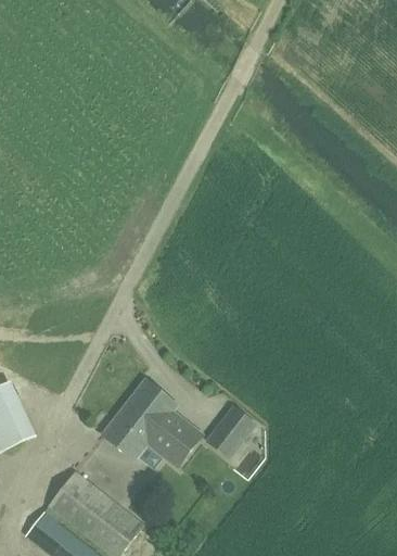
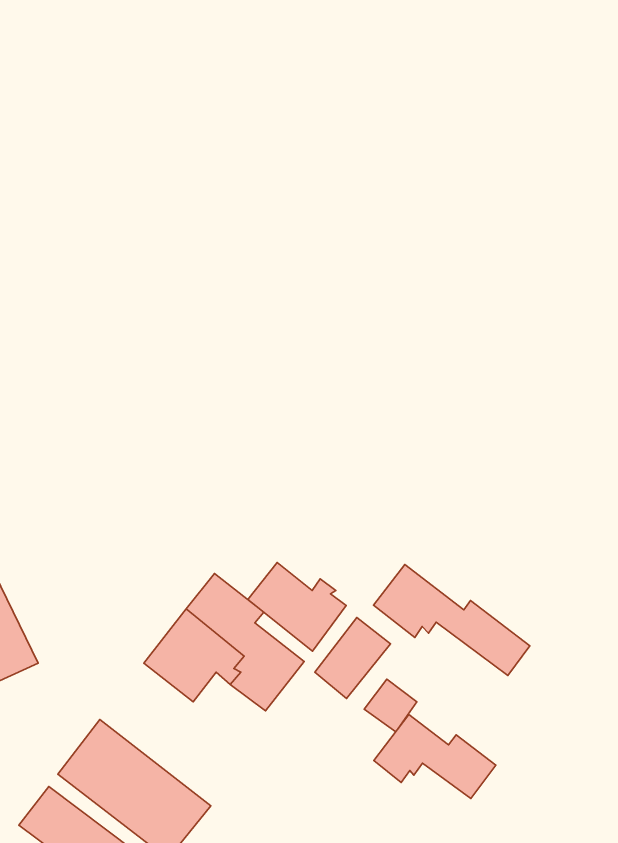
building: none -> [248,562,346,651]
building: none -> [374,564,530,675]
building: none -> [374,715,496,798]

